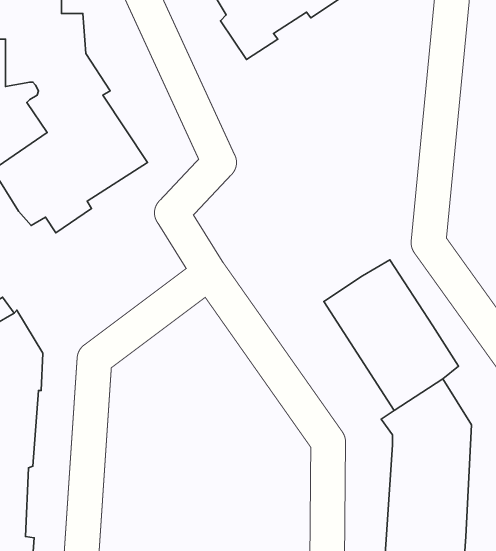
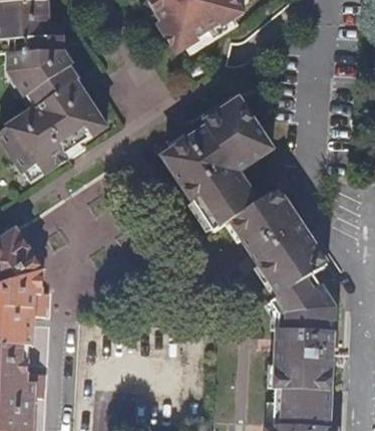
building: none -> [166,100,273,231]

